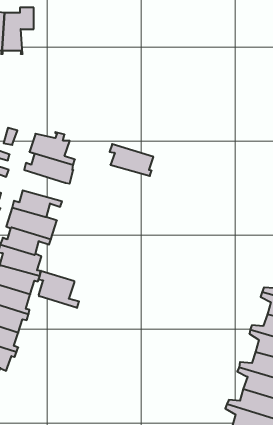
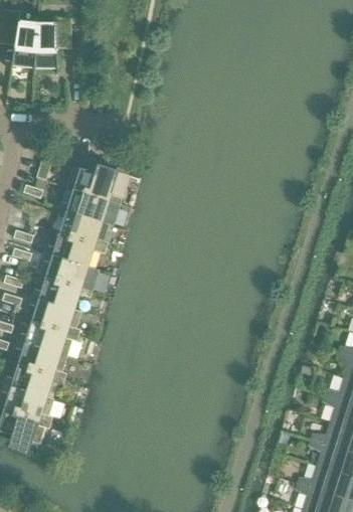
building: [110,144,153,176] -> [57,208,109,245]
building: [39,271,79,308] -> none

